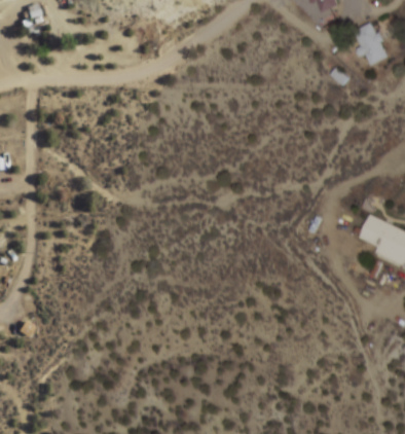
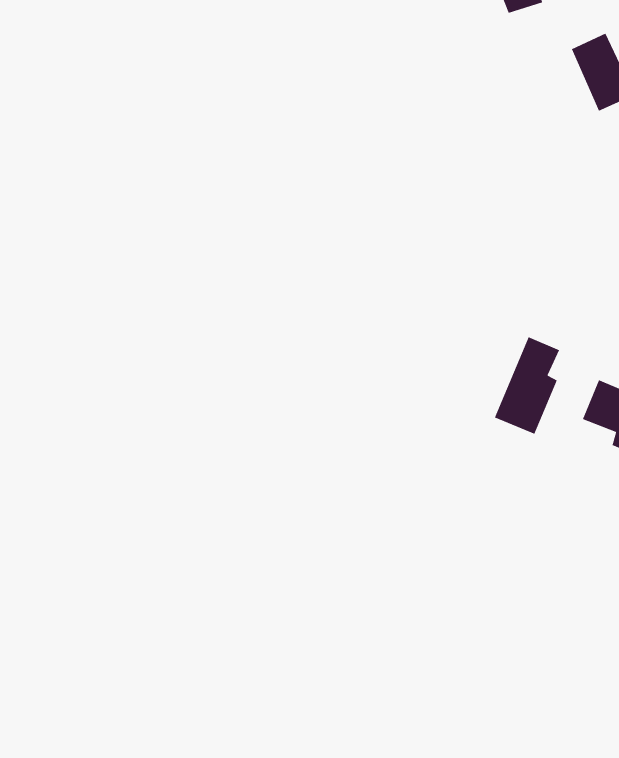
building: none -> [494,336,560,435]

